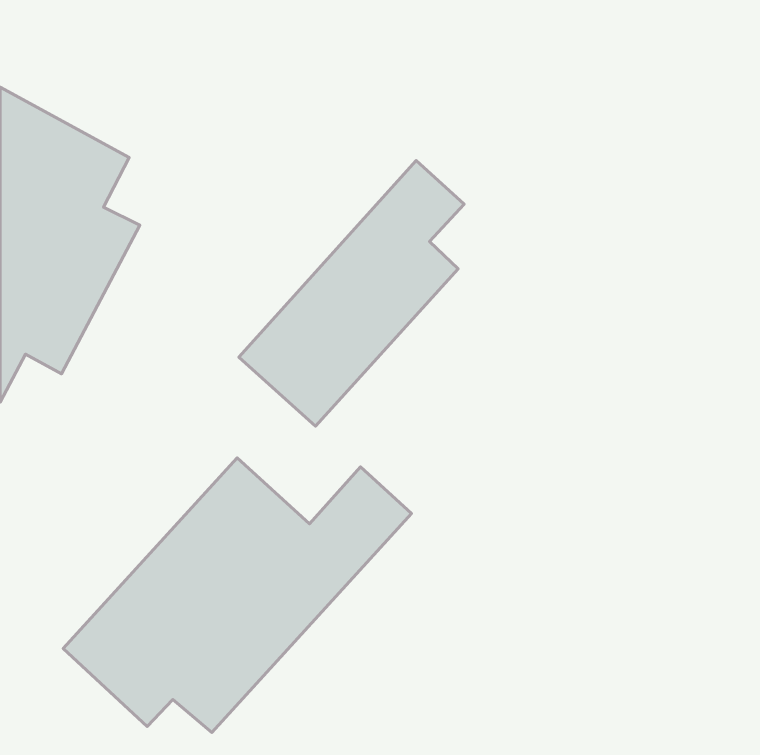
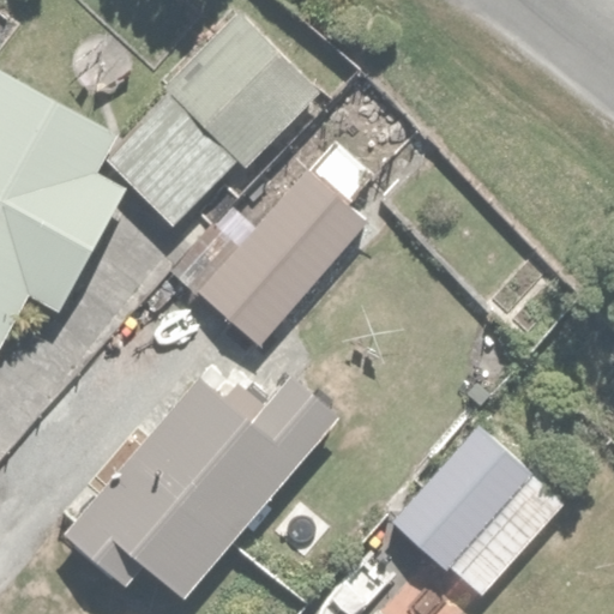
building: none -> [104,16,321,223]
building: none -> [395,426,571,602]

